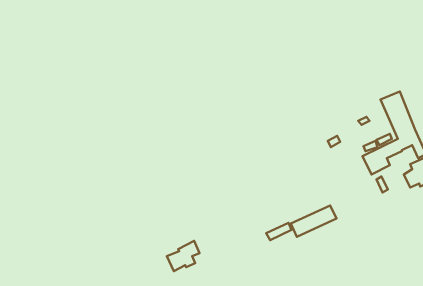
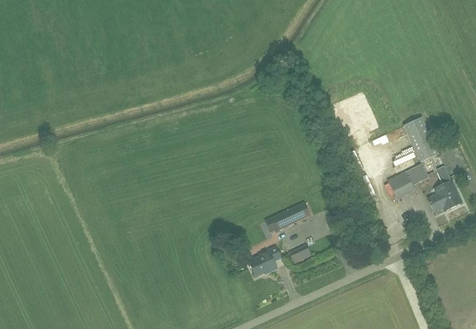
building: [291,205,336,237] -> [264,202,309,233]
building: [167,241,199,271] -> [248,246,280,276]

